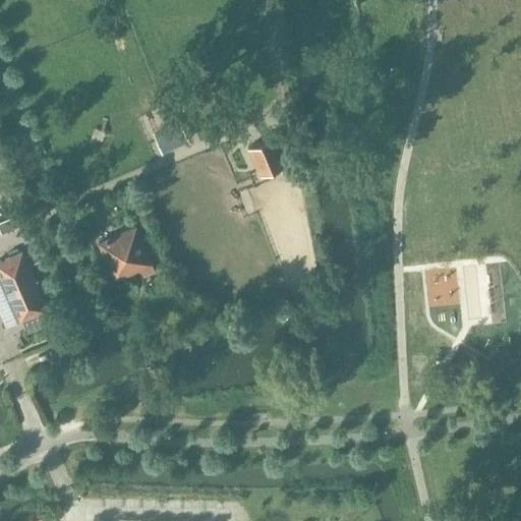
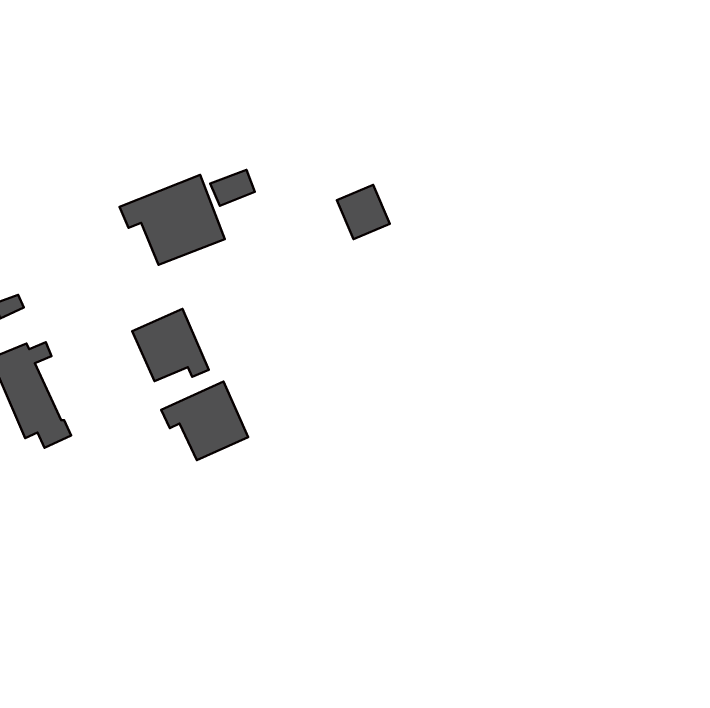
building: none -> [120,175,225,265]
building: none -> [161,381,248,460]

